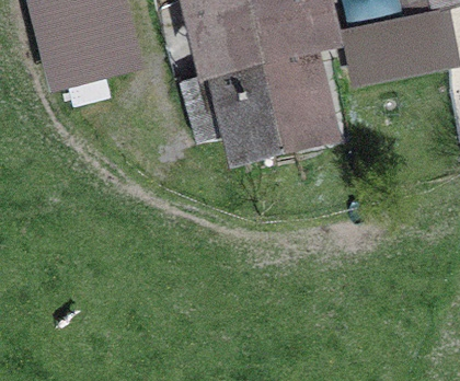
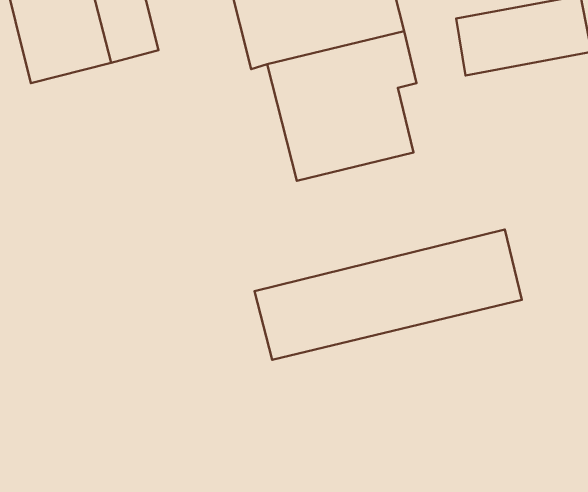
building: none -> [254,230,522,360]

